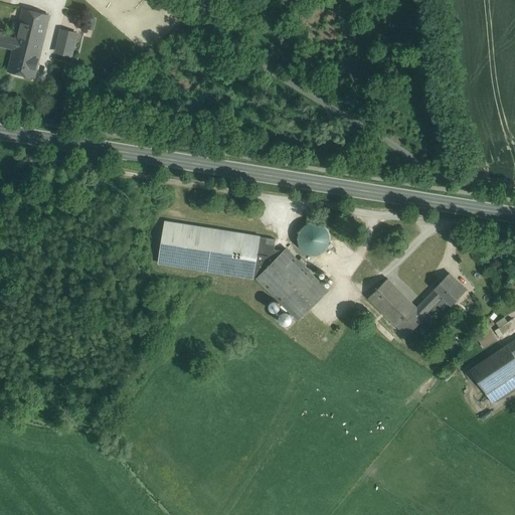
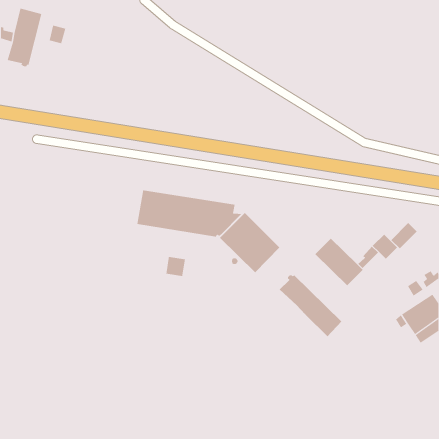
building: [298,222,330,254] -> none
building: none -> [390,222,418,249]
building: none -> [166,256,185,277]
building: none -> [279,274,342,337]

